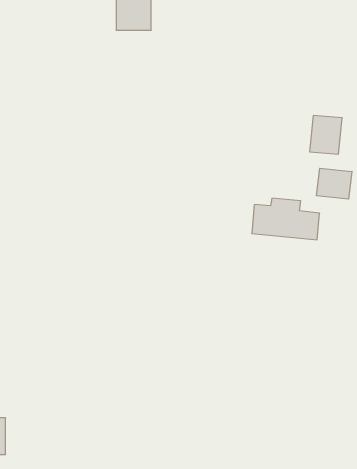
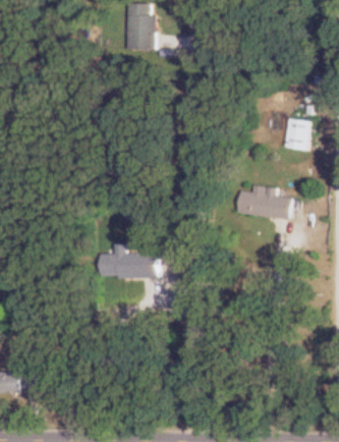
building: [317,168,352,199] -> none
building: none -> [100,244,157,279]

